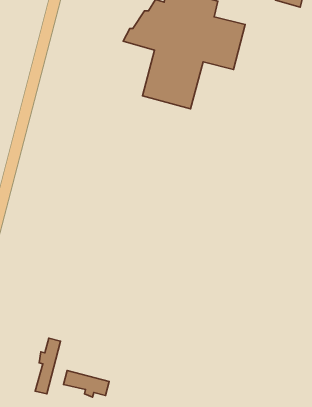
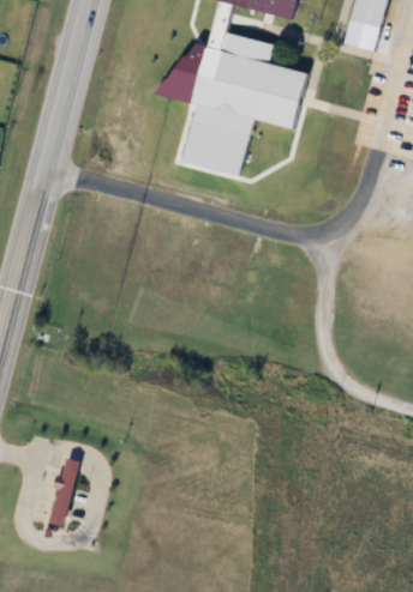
building: [63,371,109,397] -> none

